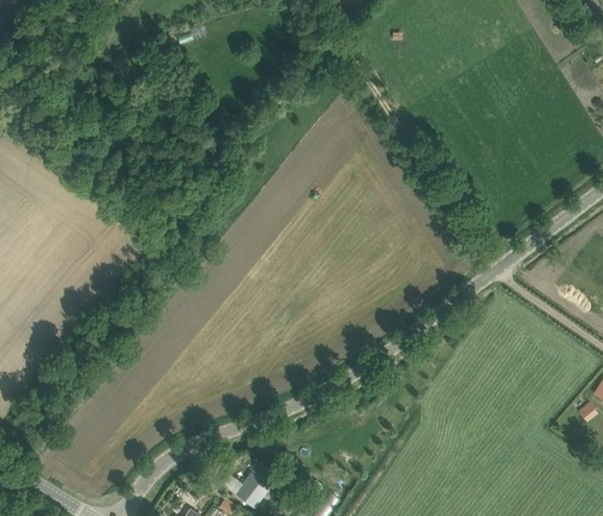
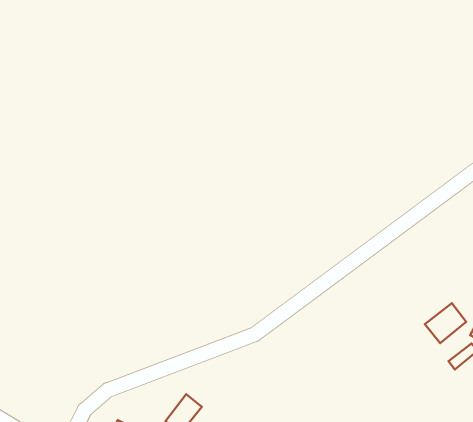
building: none -> [425,303,466,343]

